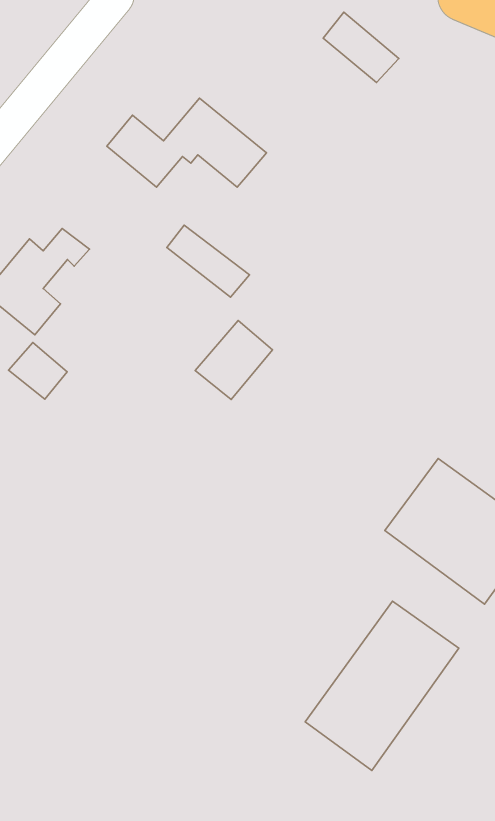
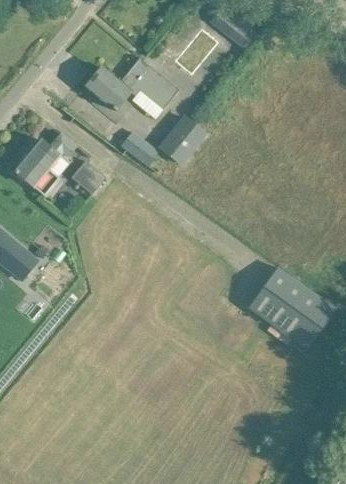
building: [195,321,272,400] -> [161,117,206,163]
building: [9,343,67,399] -> [72,161,106,194]
building: [305,601,459,771] -> none

